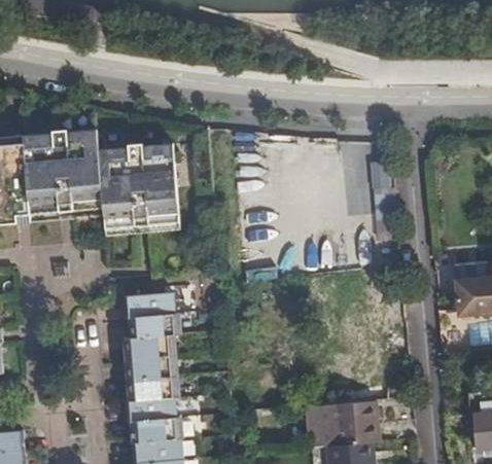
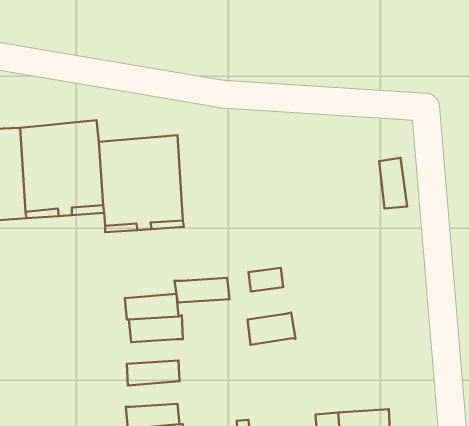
building: none -> [247,313,295,345]
building: [122,335,175,359] -> [174,278,229,303]
building: [127,376,178,400] -> none

